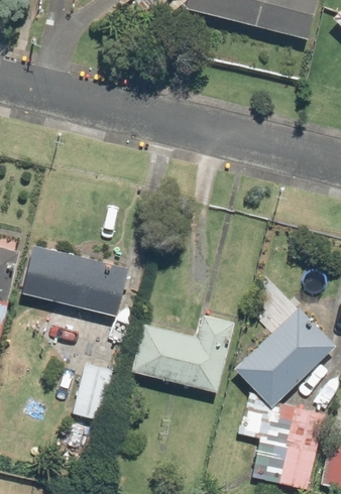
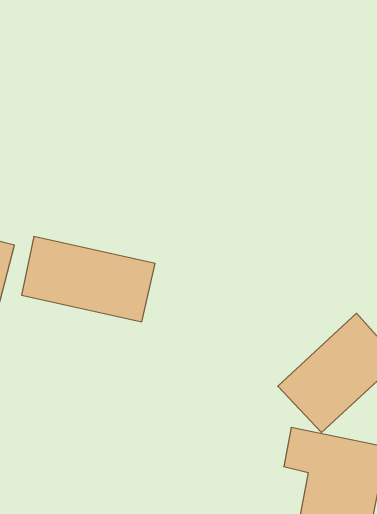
building: [131,316,233,391] -> none
building: [71,364,113,424] -> none

